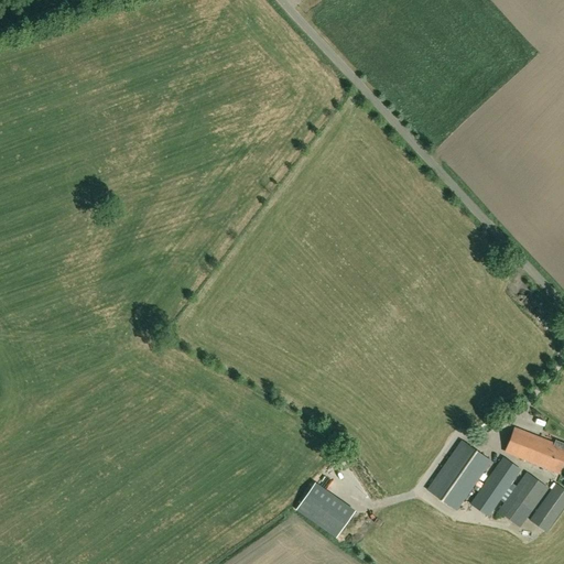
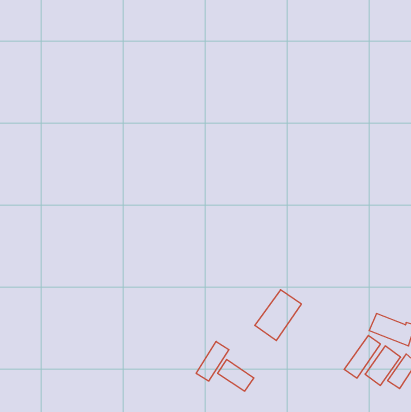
building: [427,441,491,510] -> [255,290,301,341]
building: none -> [196,341,229,381]

